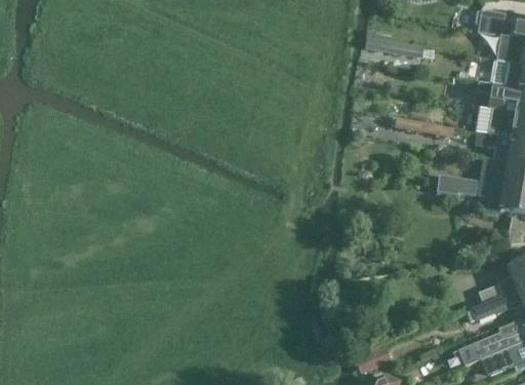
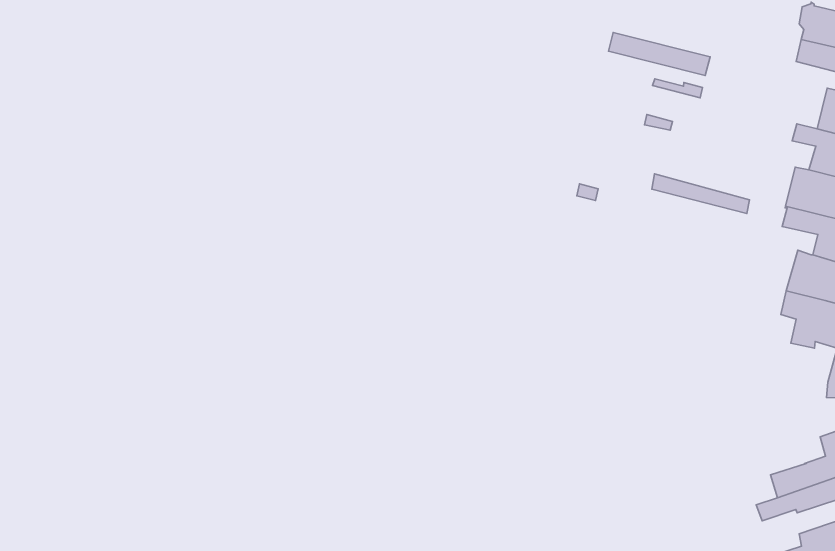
building: [438,175,479,194] -> none

